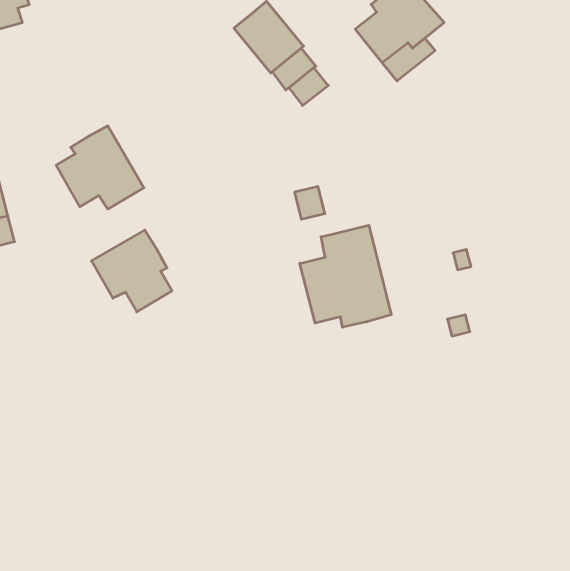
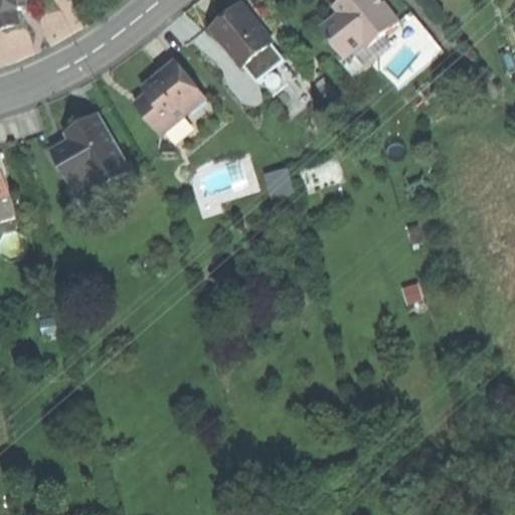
building: none -> [135,59,204,133]
building: [300,225,391,327] -> none
building: [91,230,172,312] -> none

